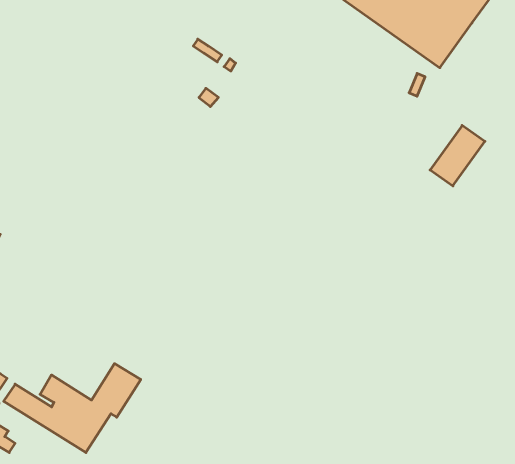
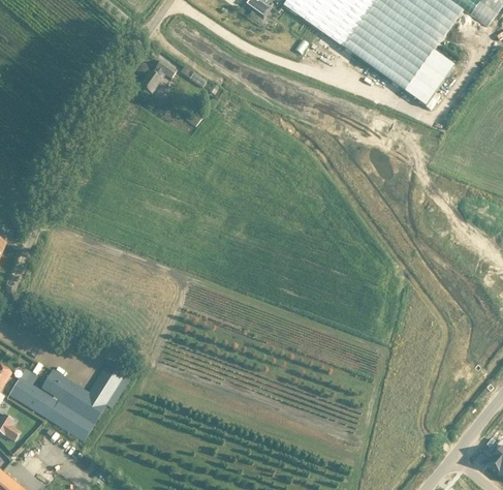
building: none -> [140,59,178,93]
building: [430,125,485,186] -> [405,51,454,105]

